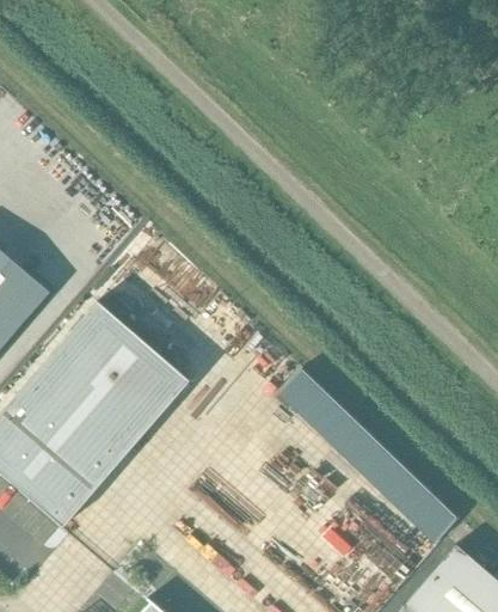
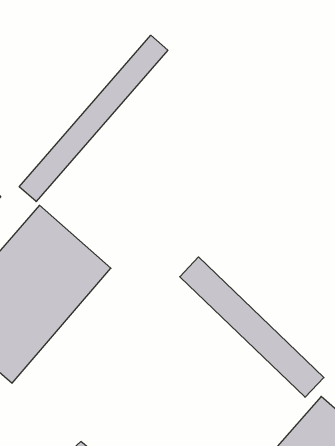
building: none -> [19,35,168,202]

